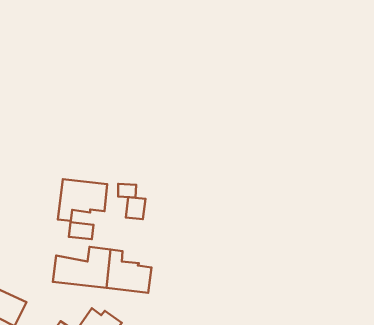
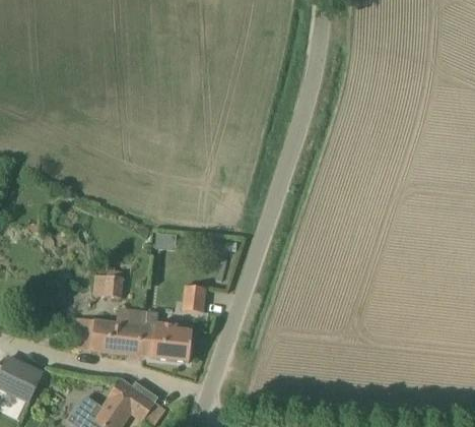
building: [58,179,107,221] -> none
building: [126,197,145,219] -> [182,285,205,311]

